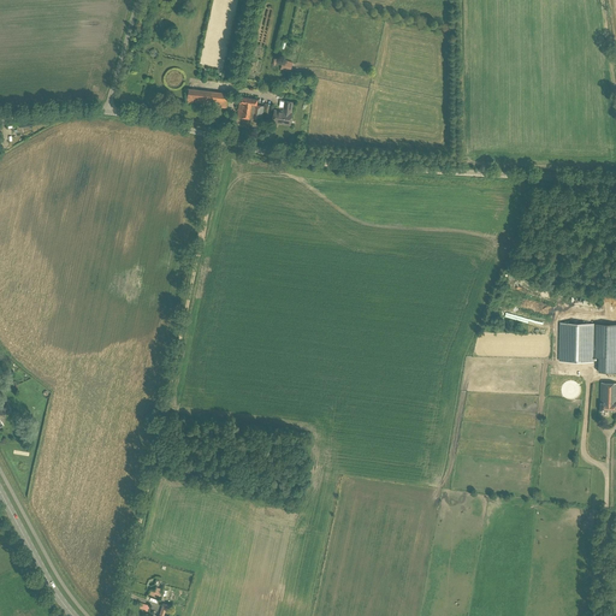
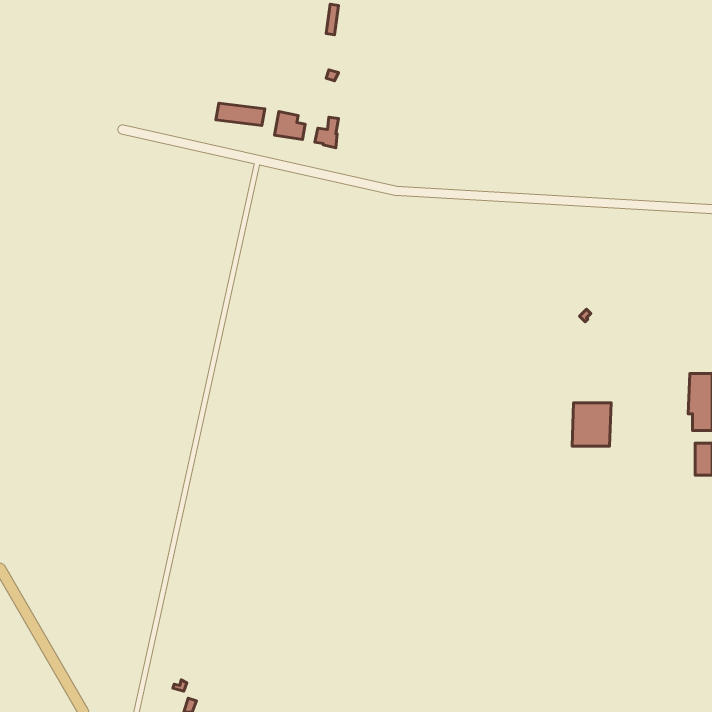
building: [559,324,593,361] -> [572,403,611,446]

